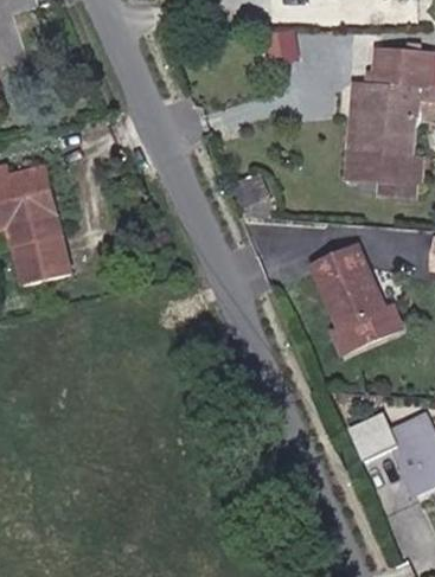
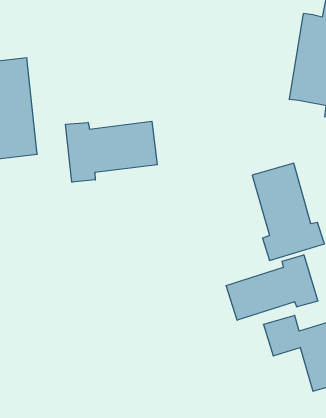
building: none -> [66,121,157,182]
building: none -> [226,255,318,320]

